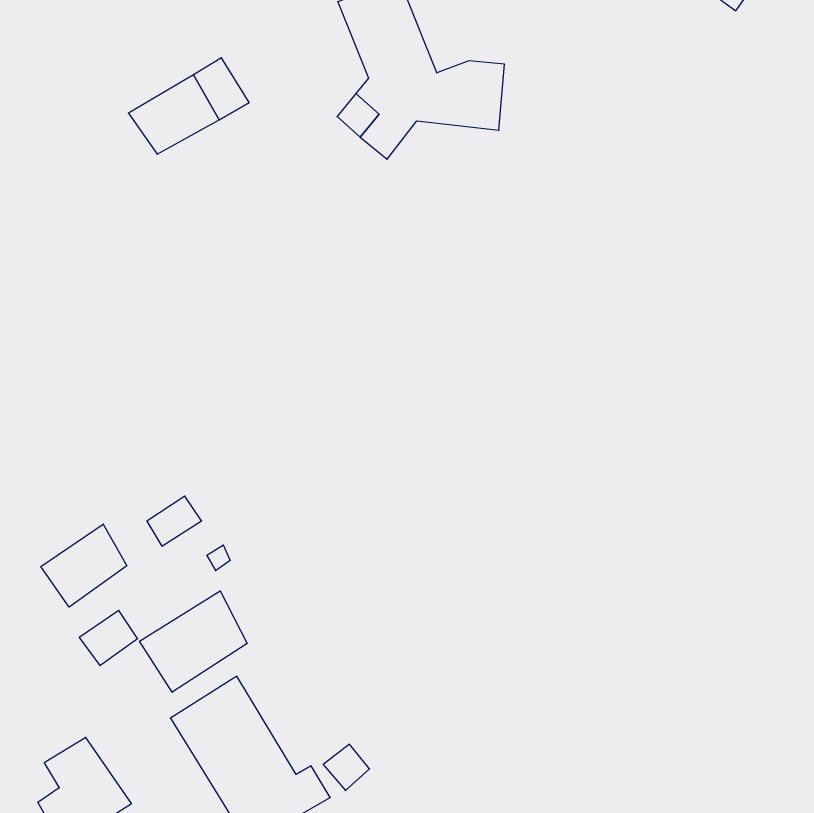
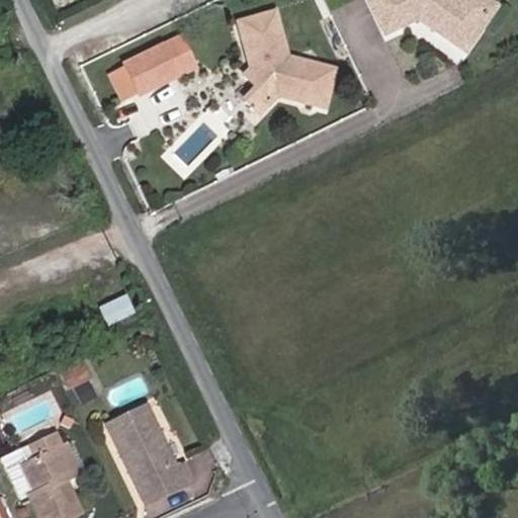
building: [41,524,127,607] -> none
building: [140,591,247,692] -> none

